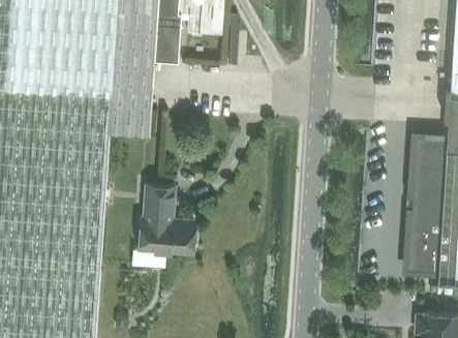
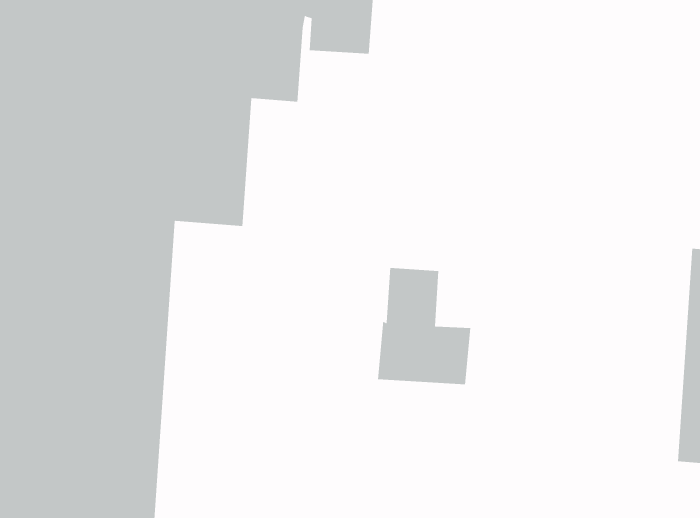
building: [139,186,193,254] -> [377,267,471,385]

